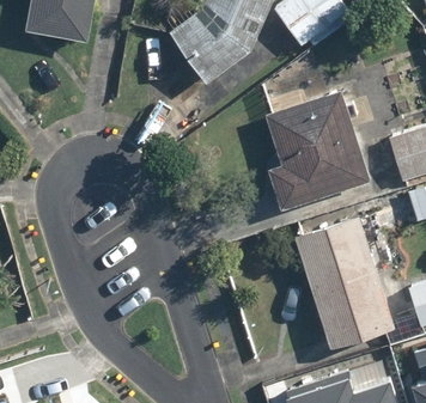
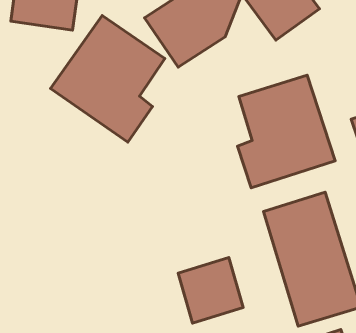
building: none -> [51,15,165,142]
building: none -> [178,258,243,323]

